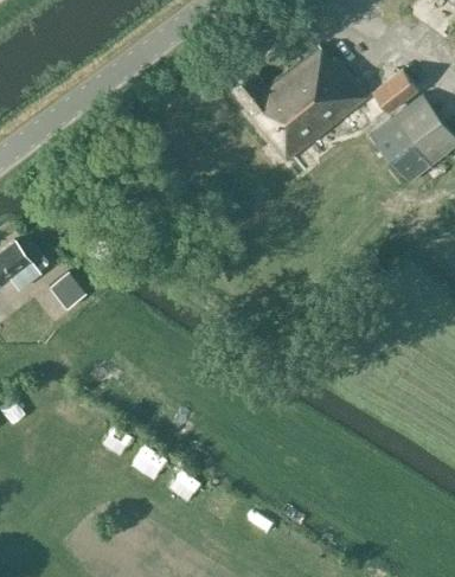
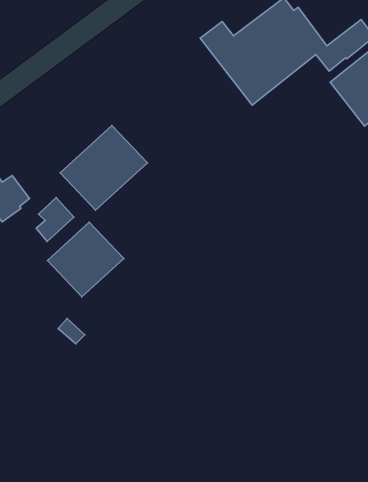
building: none -> [60,125,147,210]
building: none -> [47,222,124,297]

